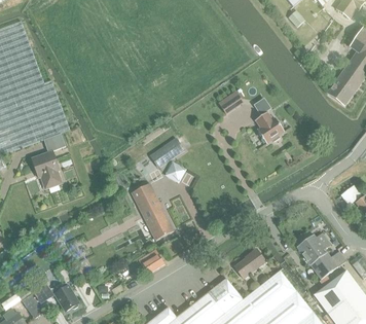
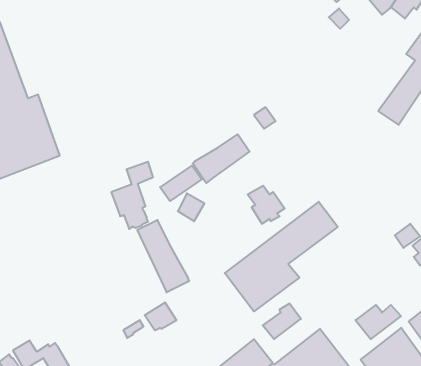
building: [254,112,284,143] -> [248,186,285,224]
building: none -> [193,134,250,183]
building: [31,134,65,188] -> [111,162,153,229]
building: none -> [225,202,338,311]
building: [296,232,330,263] -> none

